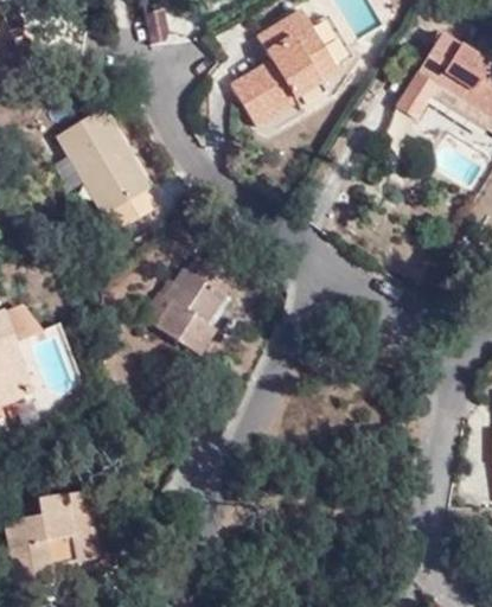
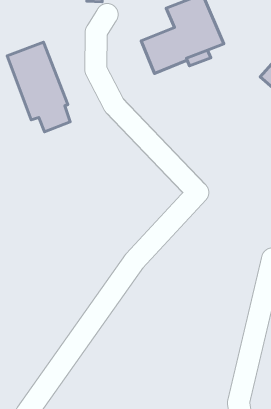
building: [141,258,235,351] -> none

